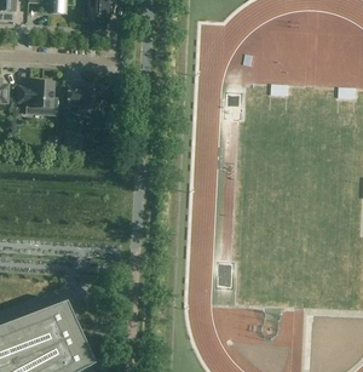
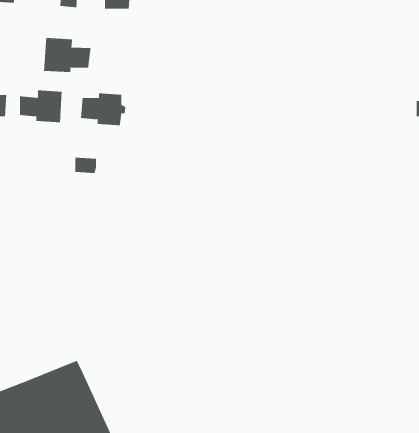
building: none -> [44,37,91,73]

